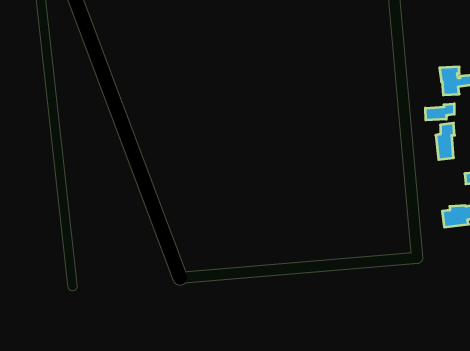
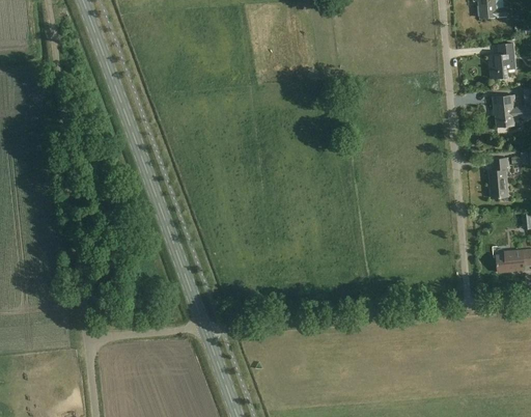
building: none -> [490,44,515,78]
building: [425,104,454,120] -> none

